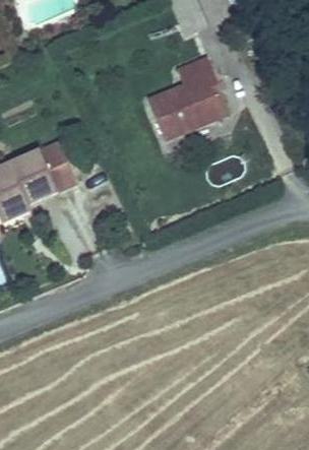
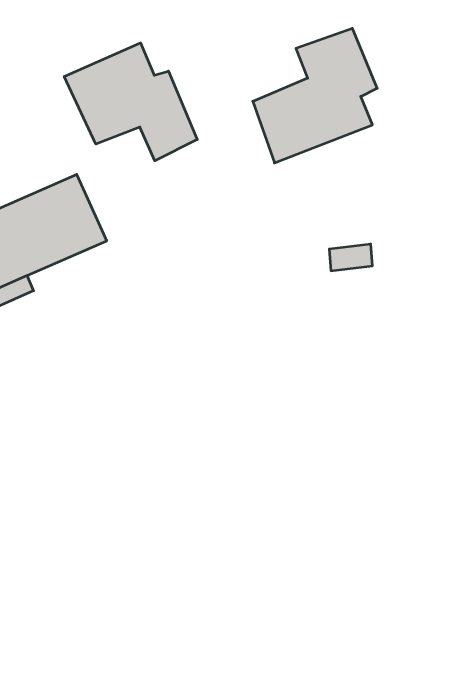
building: none -> [64,43,197,161]

